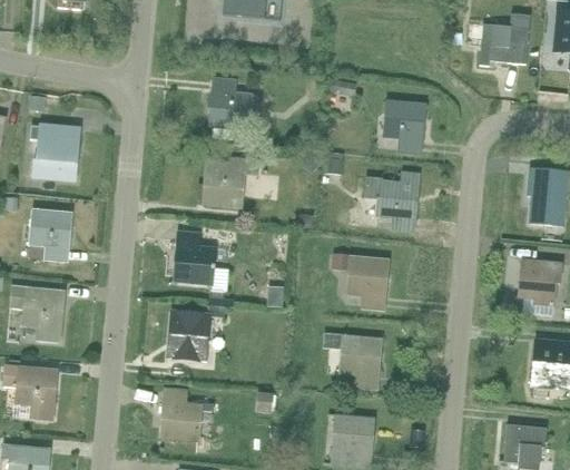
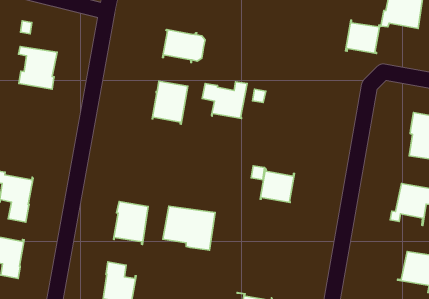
building: [384,99,424,138] -> [346,20,380,53]
building: [364,172,419,217] -> [202,82,247,119]
building: [31,208,70,260] -> none
building: [175,231,215,284] -> none
building: none -> [163,206,215,250]
building: [341,334,381,374] -> none

